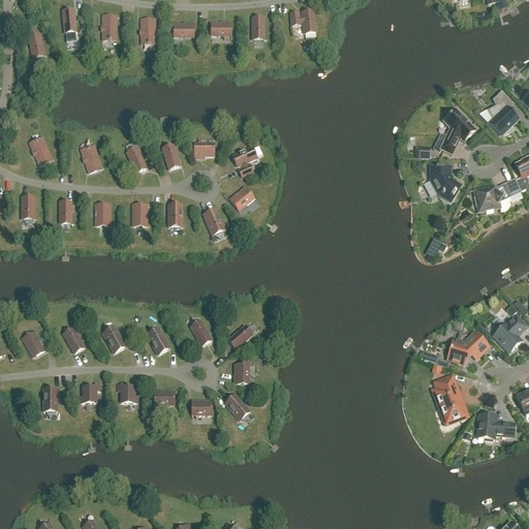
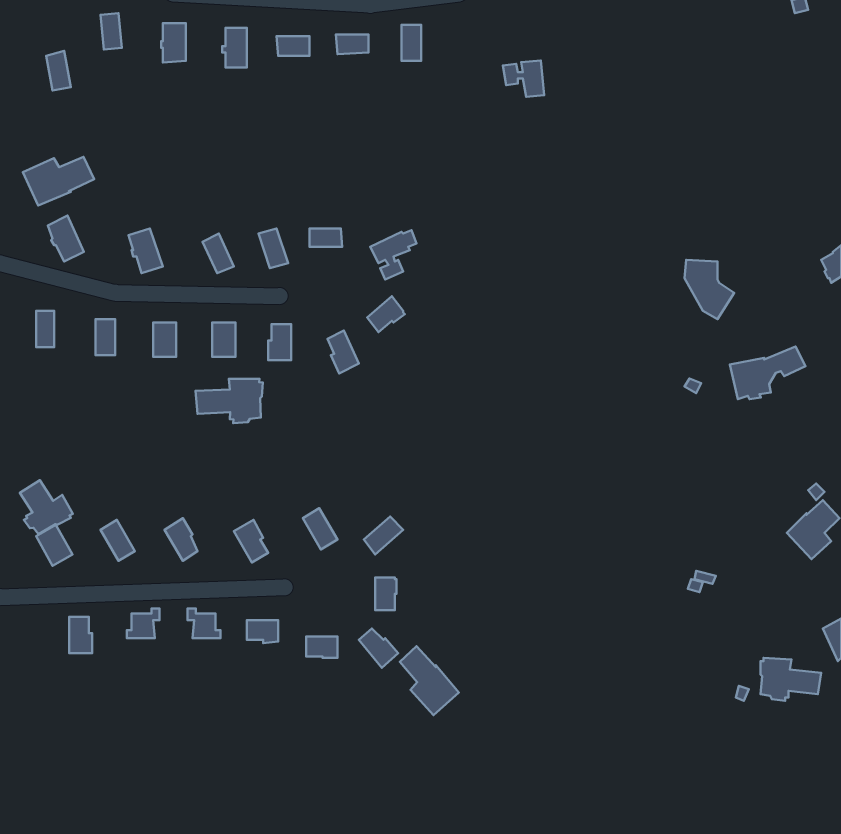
building: [290,9,316,32] -> [503,60,544,97]
building: [488,90,518,134] -> none
building: none -> [23,157,94,206]
building: [434,107,476,154] -> none
building: [474,178,522,211] -> [730,346,805,399]
building: none -> [195,379,263,423]
building: none -> [20,480,73,534]
building: [448,332,489,362] -> none
building: [436,377,467,421] -> none
building: none -> [400,646,459,715]

